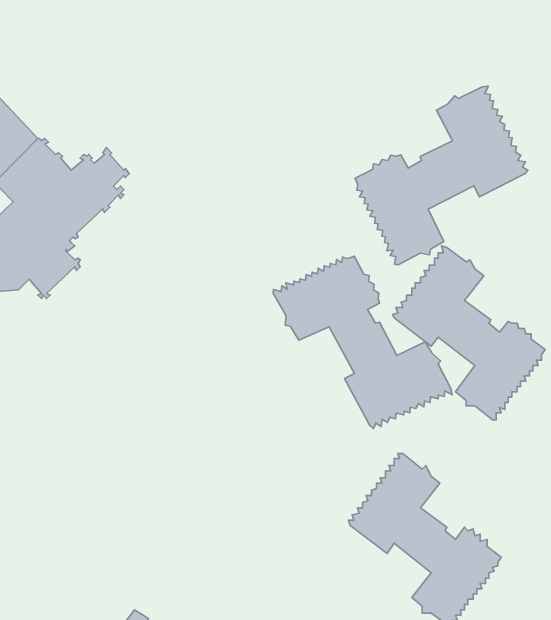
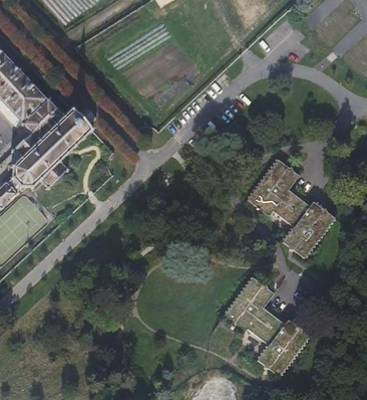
building: [355,86,528,265] -> none
building: [273,256,452,428] -> none

